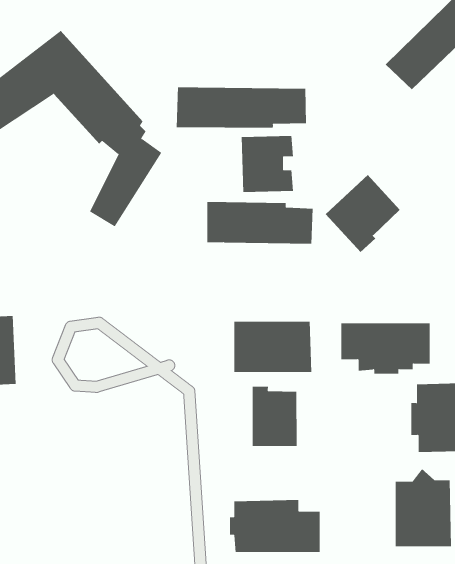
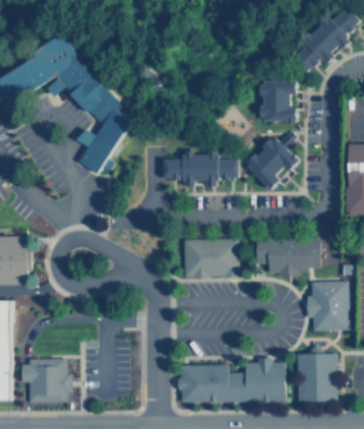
building: [176,86,306,129] -> none
building: [241,135,294,193] -> [259,80,297,121]
building: [252,386,297,447] -> none
building: none -> [20,358,71,402]
building: none -> [246,362,286,401]

